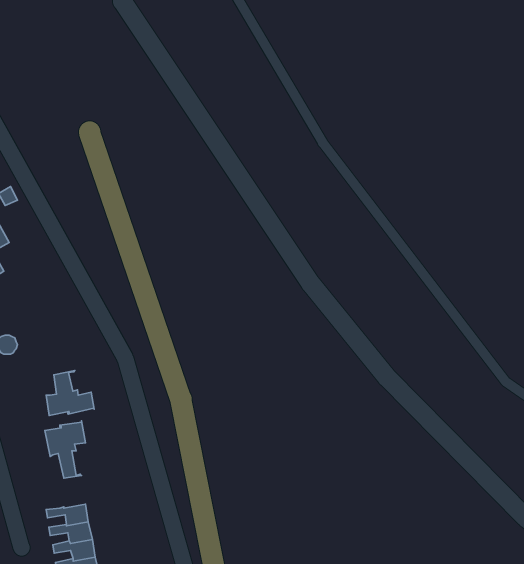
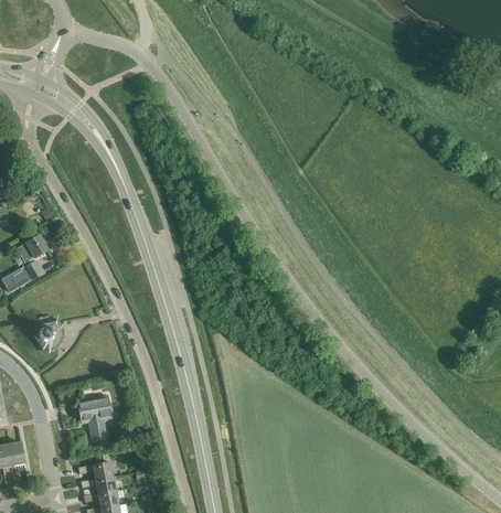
building: [46,370,94,416] -> none

